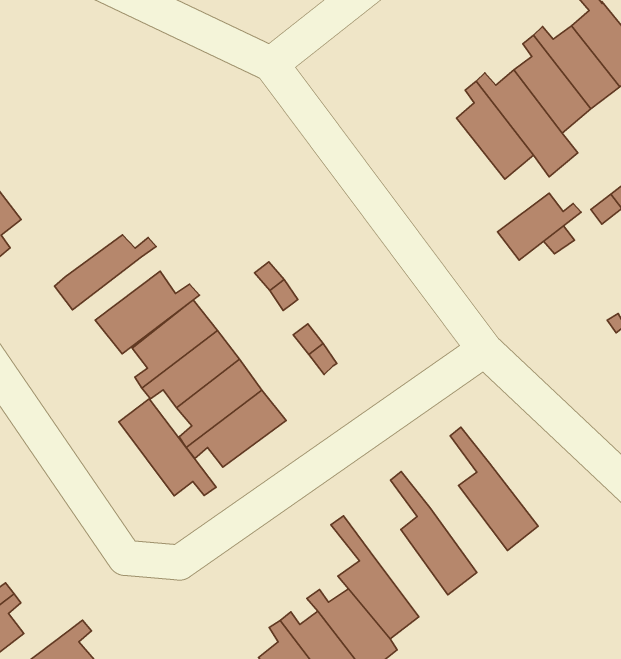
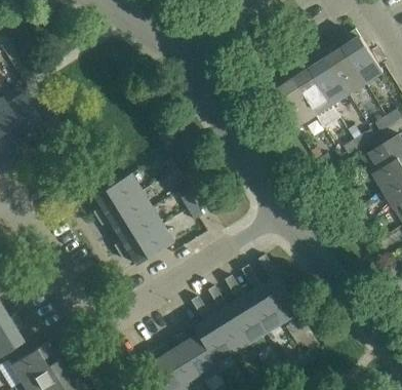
building: [498,193,581,260] -> none
building: [55,235,156,310] -> none
building: [95,271,199,354] -> none
building: [119,399,216,496] -> none
building: none -> [240,265,282,333]
building: none -> [207,285,248,353]

